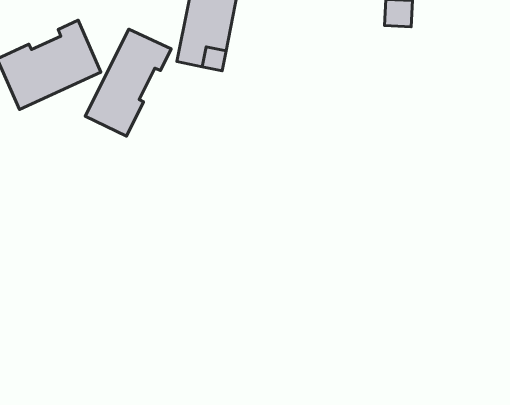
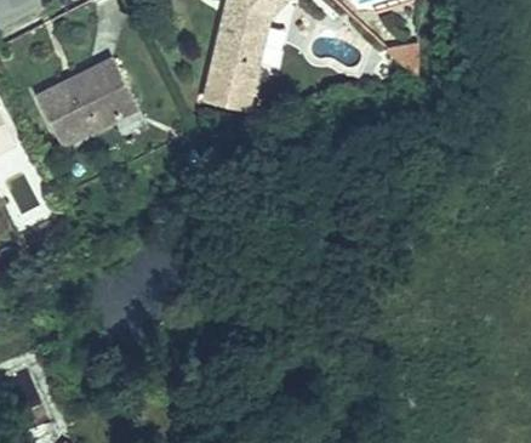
building: [85,29,171,136] -> none

